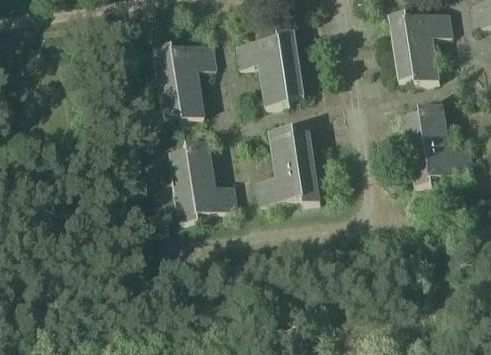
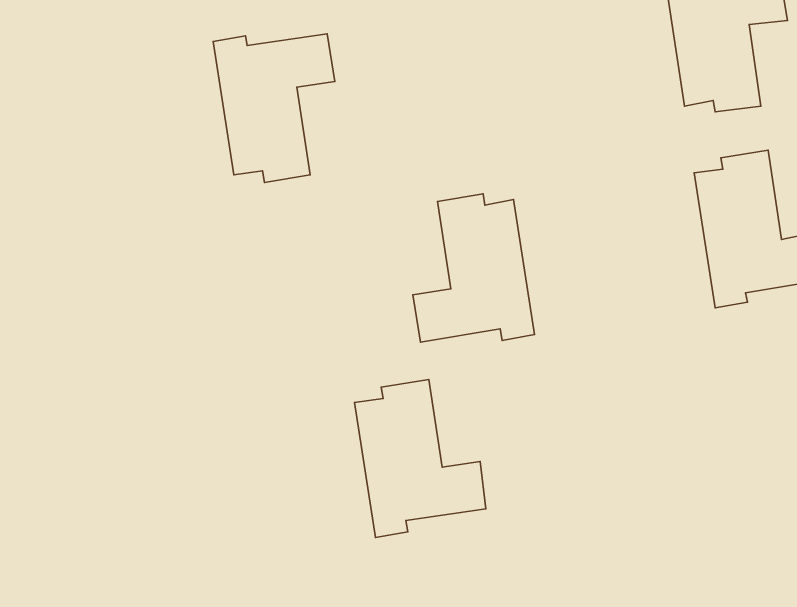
building: [236,29,304,106] -> none
building: [167,139,236,222] -> [355,380,486,537]

